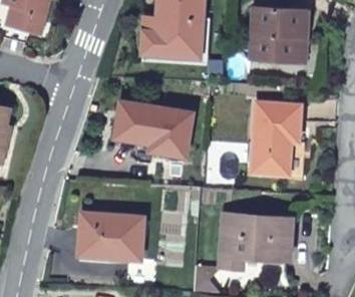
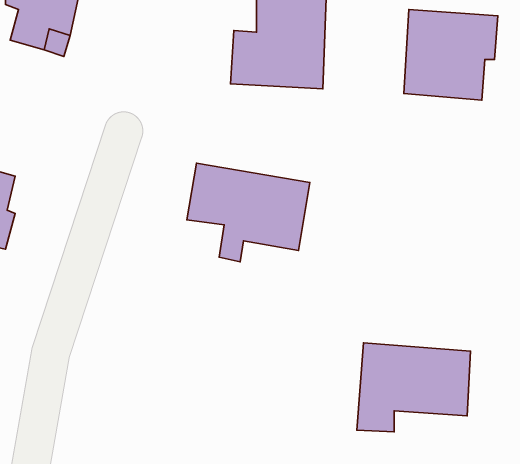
building: [253,104,300,175] -> none
building: [80,214,143,260] -> none

